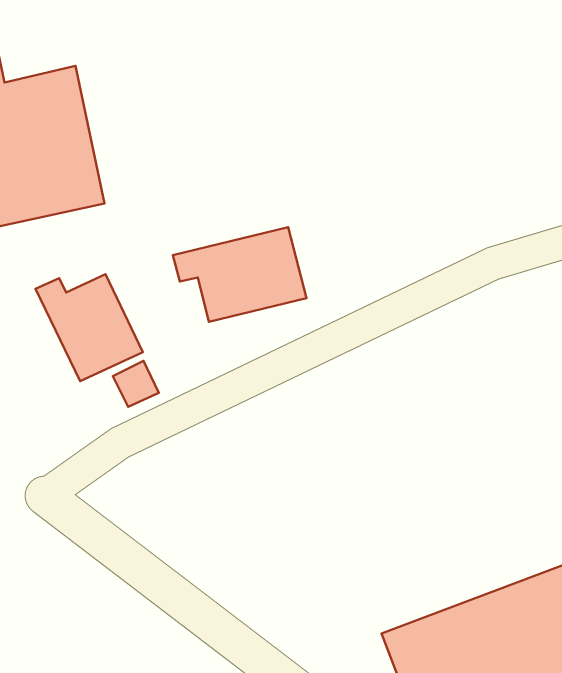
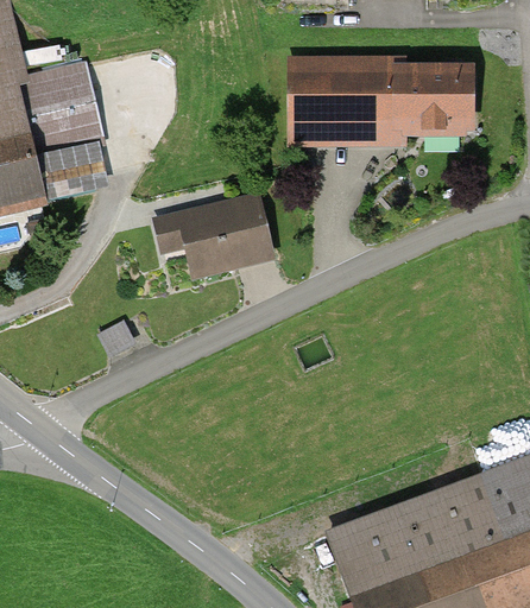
building: none -> [285,66,463,138]
building: [36,274,143,381] -> none

